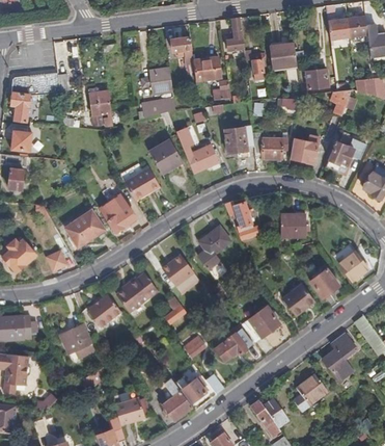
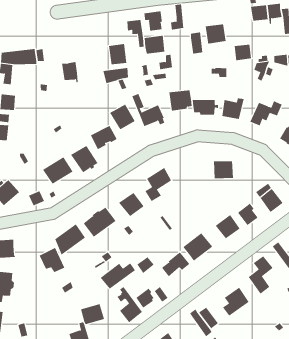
building: none -> [144,10,162,31]
building: [224,201,262,239] -> none
building: none -> [100,262,136,290]

